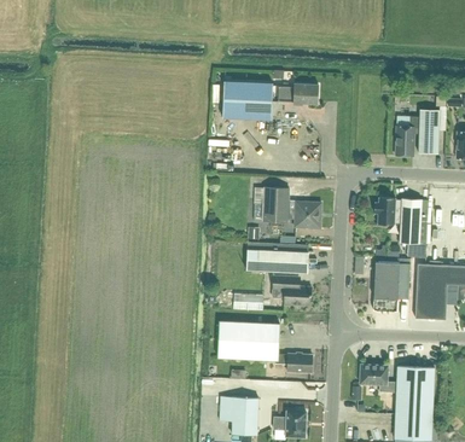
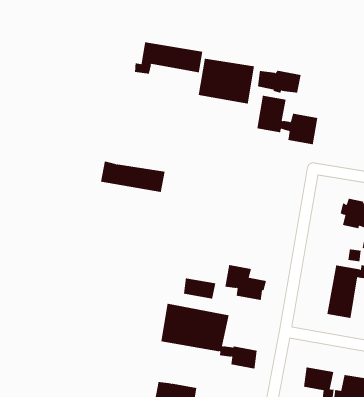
building: none -> [134,42,203,74]
building: [263,187,321,228] -> [256,95,318,145]
building: [246,249,308,272] -> [100,161,166,193]

